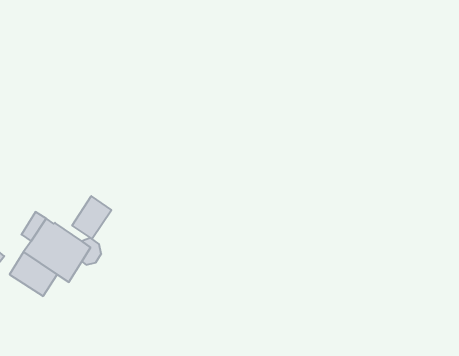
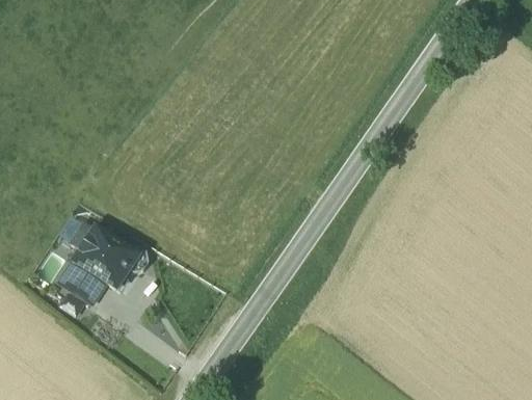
building: [72,196,111,239] -> none

